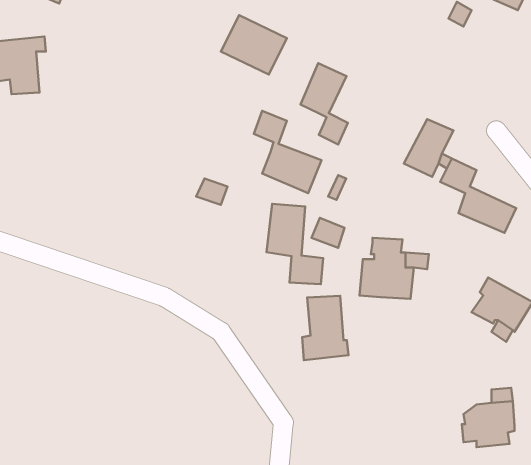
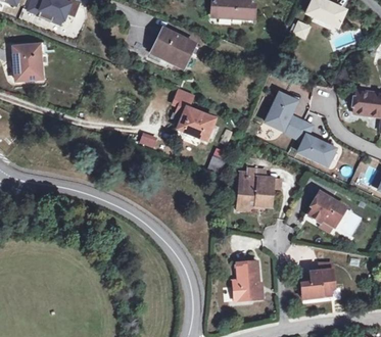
building: [300,63,348,144] -> none
building: [266,204,323,284] -> none
building: [302,296,348,360] -> [233,260,261,300]

